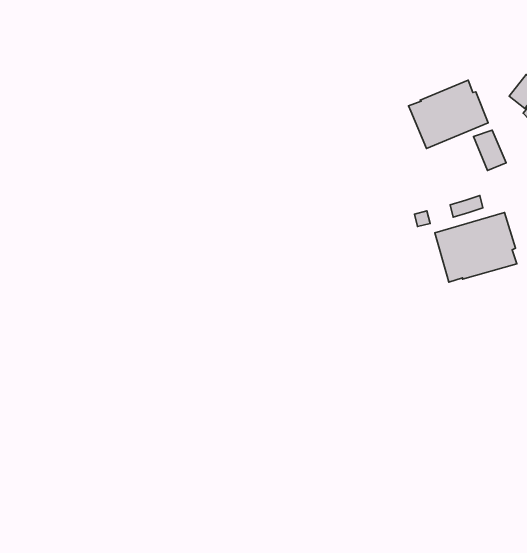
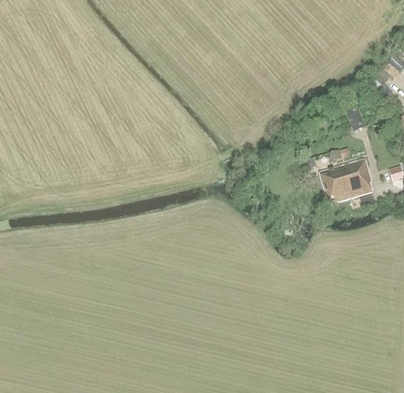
building: [408,80,488,148] -> none

